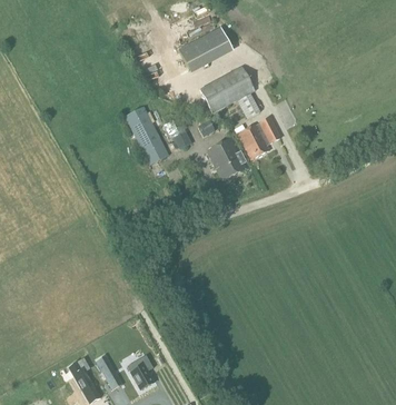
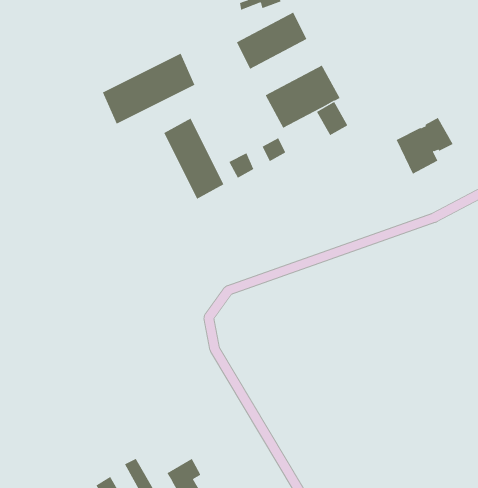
building: none -> [102,53,195,125]
building: [238,116,280,158] -> [396,117,453,175]
building: [207,137,246,179] -> none

